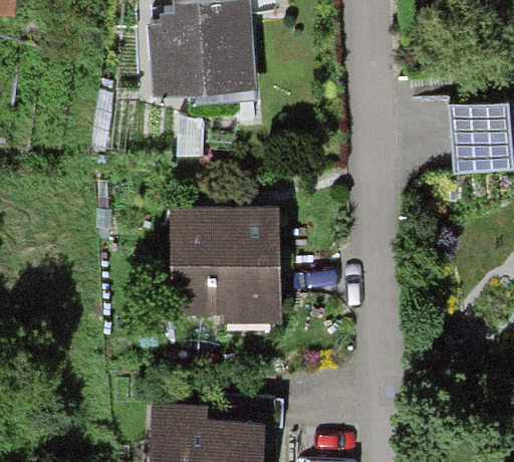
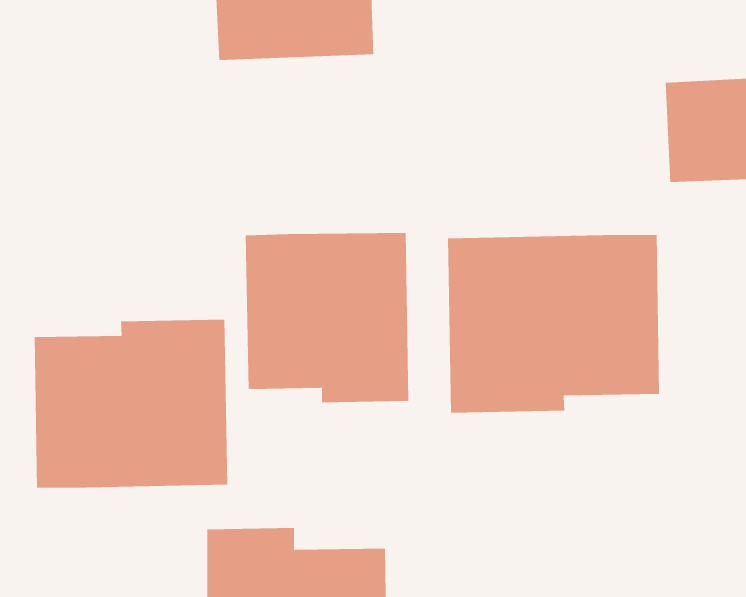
building: none -> [448,234,660,413]
building: none -> [34,319,228,488]

